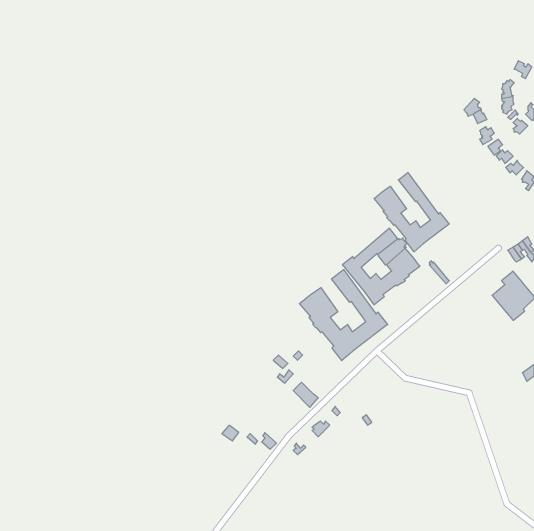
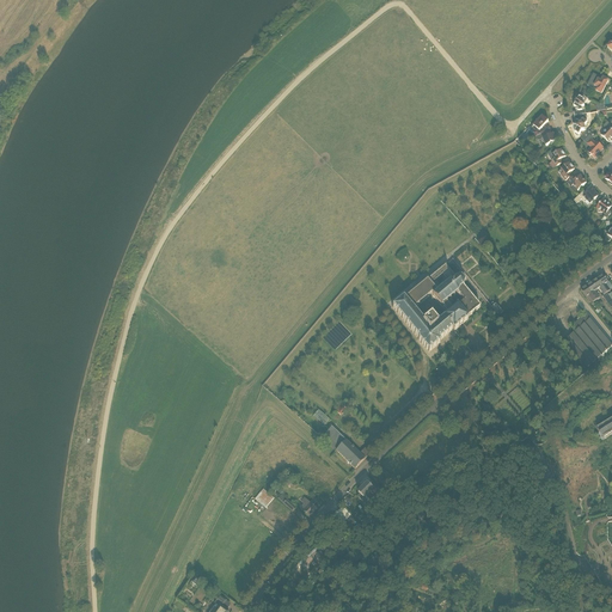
building: [374,173,449,252] -> none
building: [300,270,388,361] -> none

